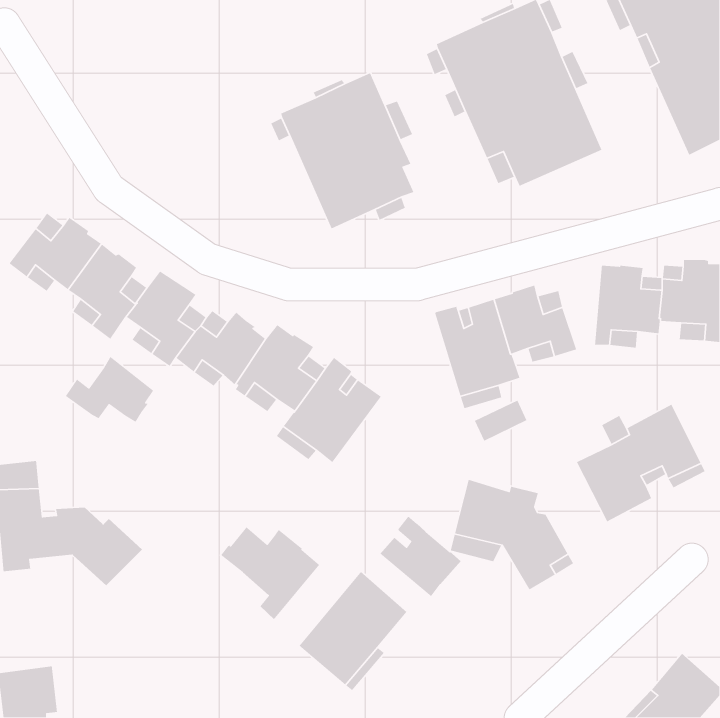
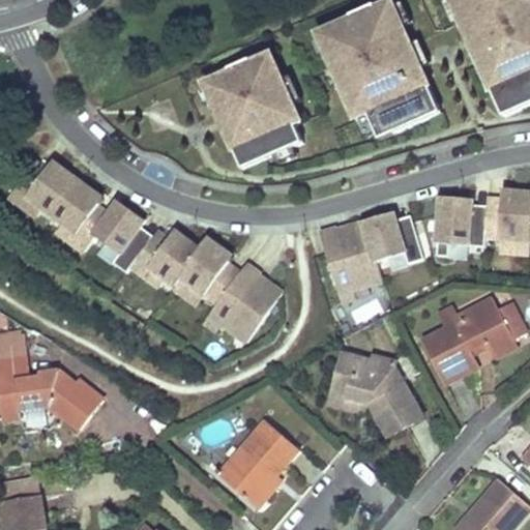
building: [65,356,154,423] -> none
building: [380,516,462,597] -> none
building: [220,526,320,620] -> none

